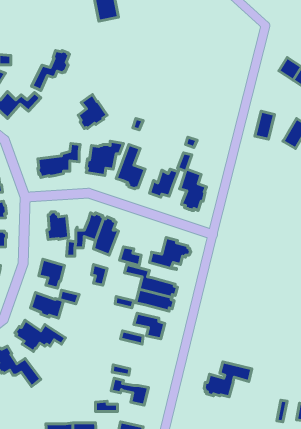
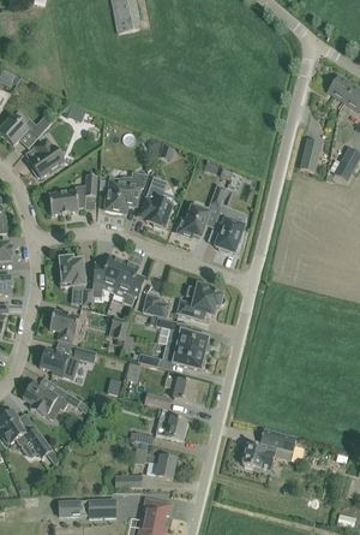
building: [32,50,69,90] -> none
building: [78,94,107,129] -> [30,137,64,177]
building: none -> [156,415,186,440]

